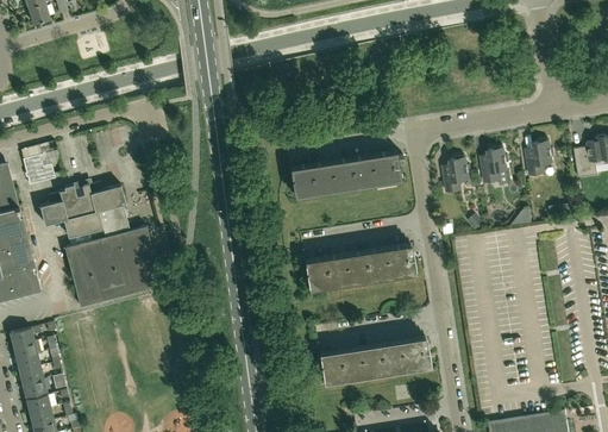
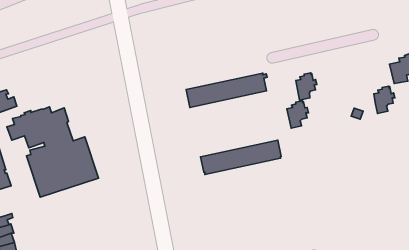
building: [526,140,554,177] -> [374,86,395,113]
building: [479,148,509,184] -> [287,101,308,128]
building: [320,340,431,382] -> none

